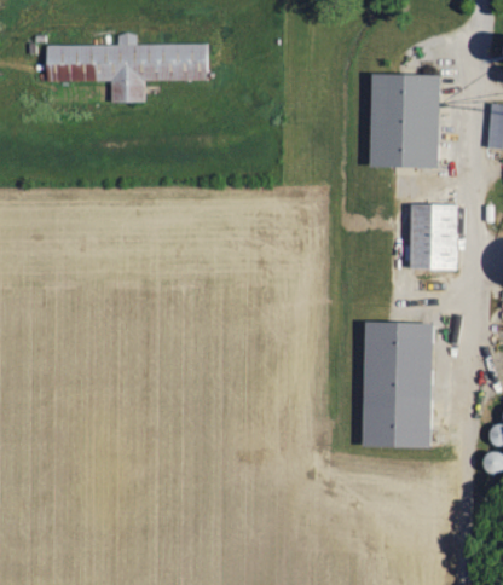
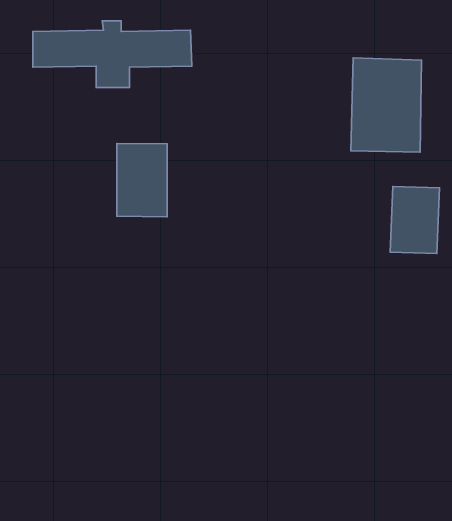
building: none -> [117,143,167,217]
building: [362,322,432,448] -> none

